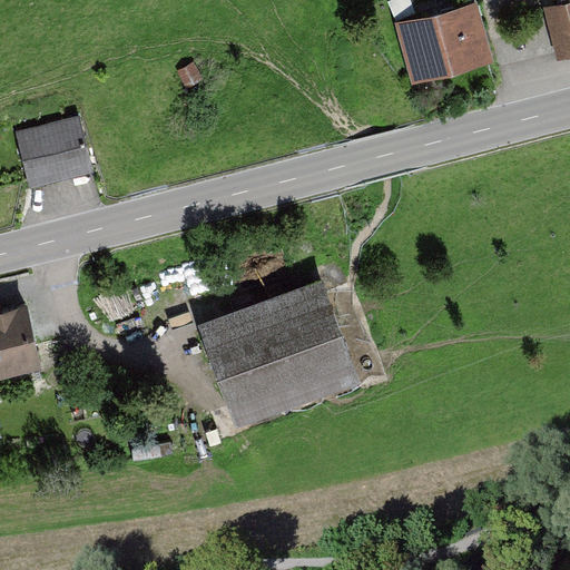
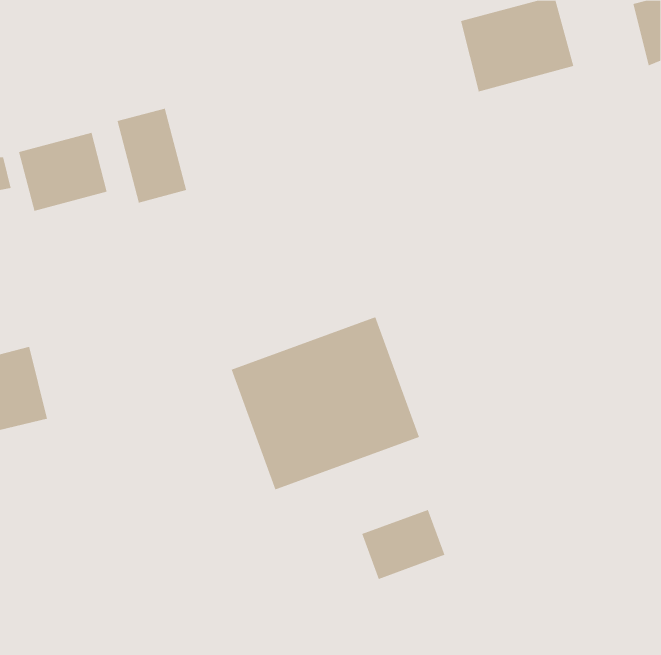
building: none -> [117,108,187,204]
building: none -> [361,509,445,580]

